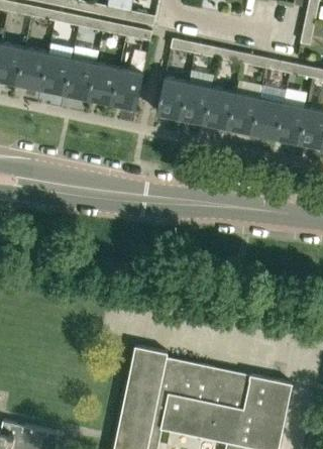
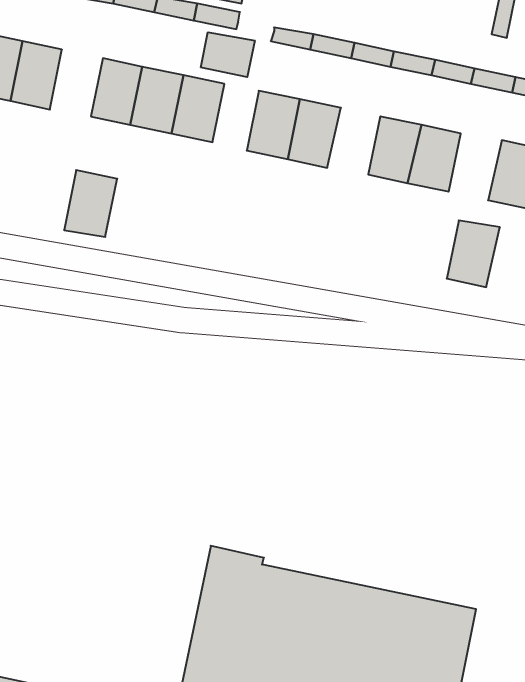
building: none -> [201,32,255,77]
building: [40,53,72,93] -> [64,170,117,237]
building: [204,88,235,127] -> none
building: [276,103,307,142] -> [447,220,500,287]

